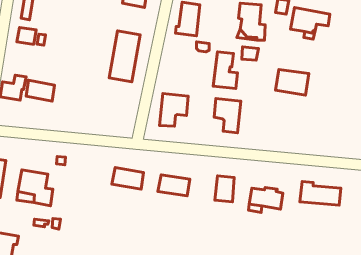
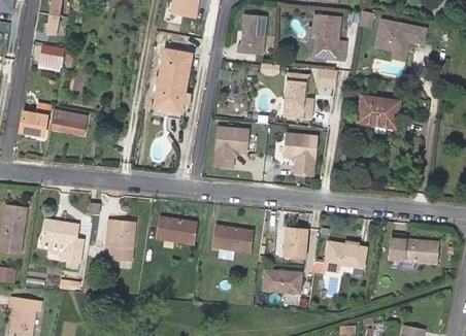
building: none -> [111,221,135,260]
building: none -> [263,269,302,293]

